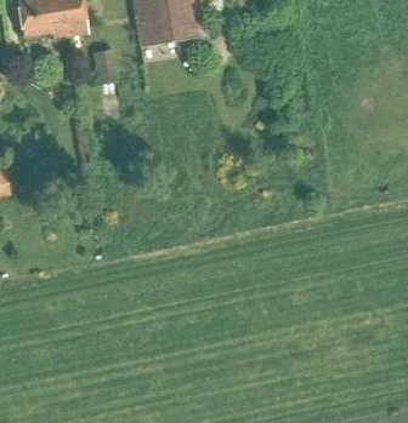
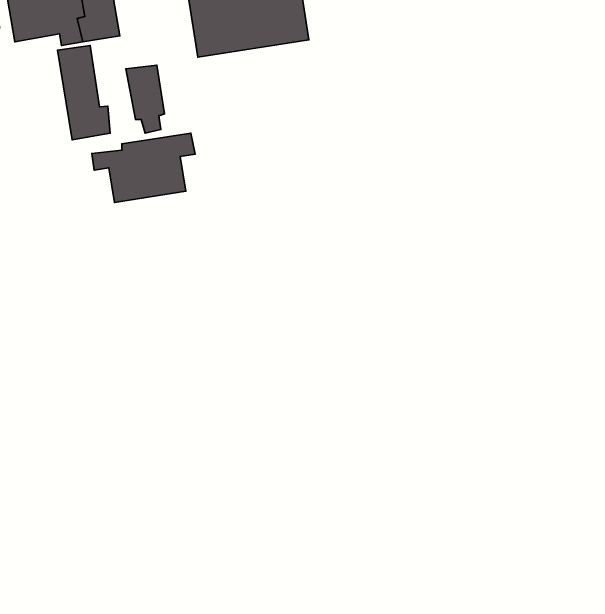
building: none -> [58,45,110,140]
building: none -> [92,133,195,203]

